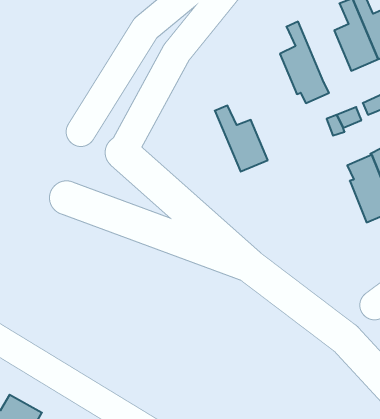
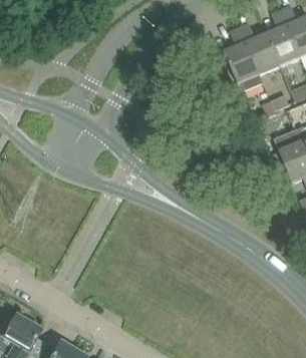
building: [215,106,268,172] -> [239,22,280,73]

